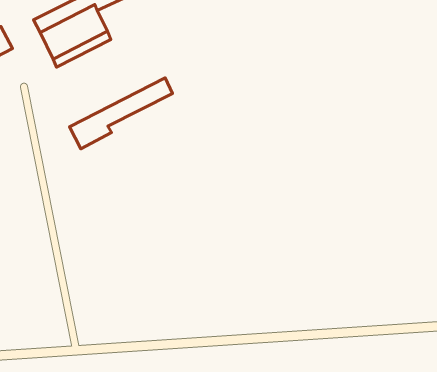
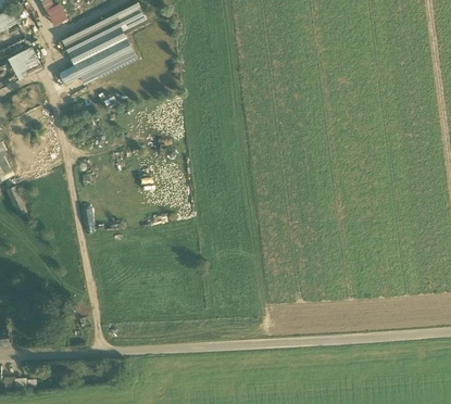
building: [69,78,173,149] -> none

